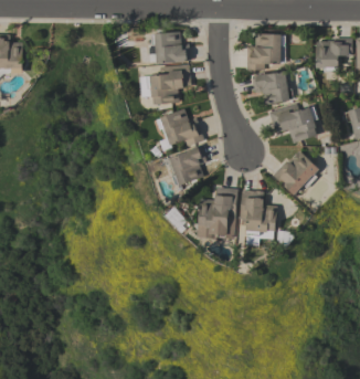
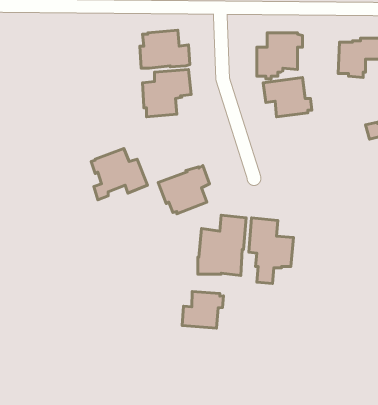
building: [268,102,317,143] -> none
building: [157,108,204,151] -> [91,149,148,200]
building: [273,150,318,194] -> none
building: none -> [182,292,223,328]

